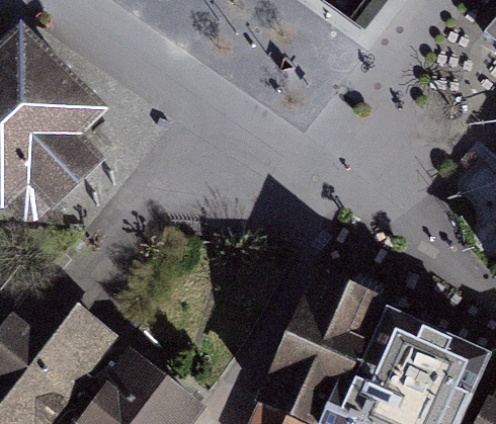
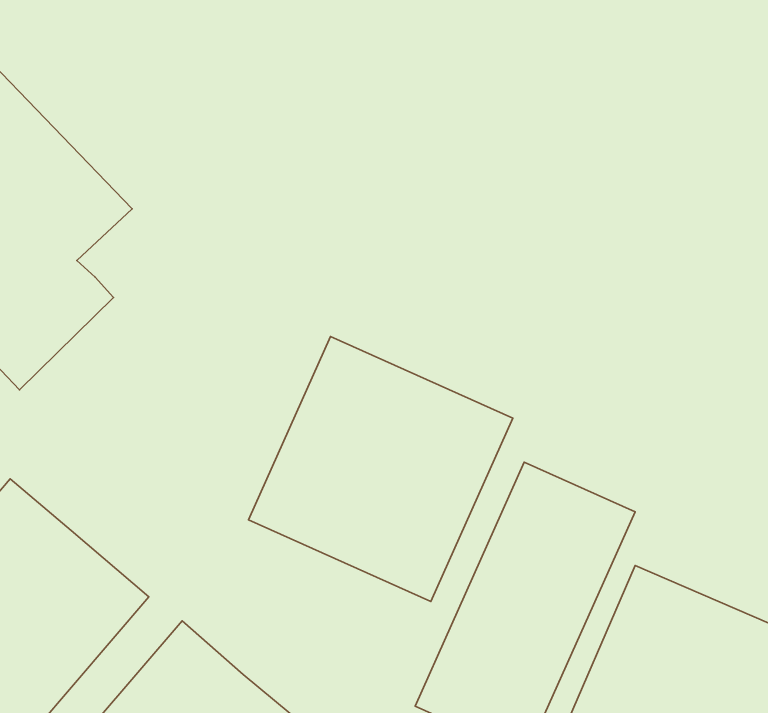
building: none -> [249,336,513,602]

